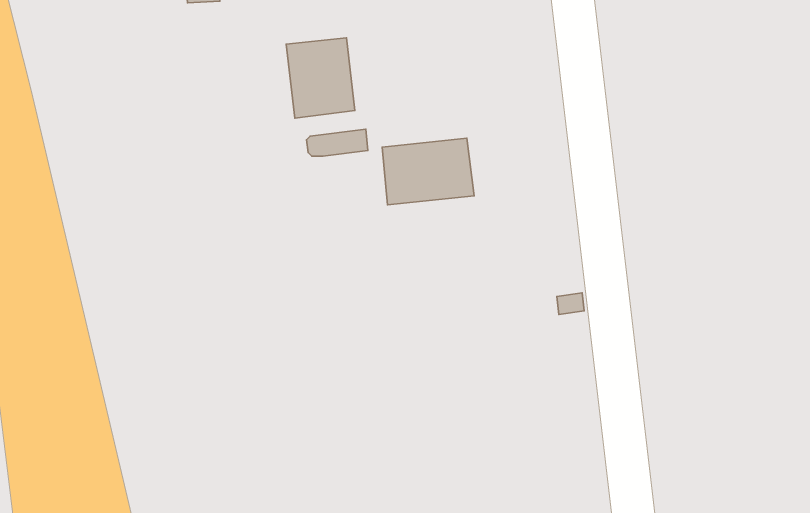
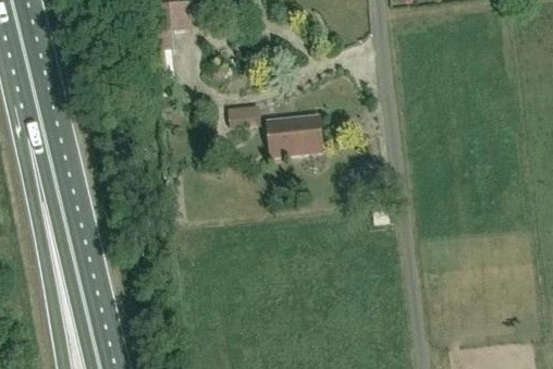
building: [286,38,355,118] -> none

